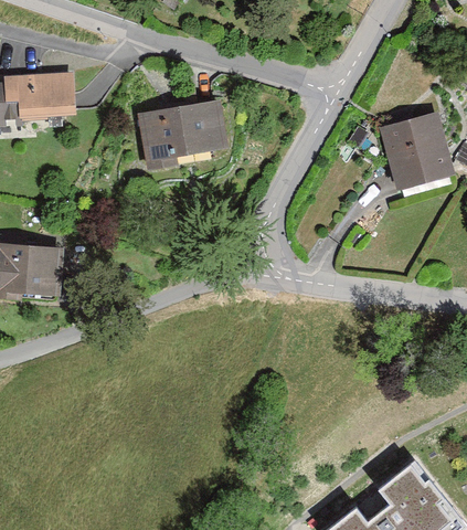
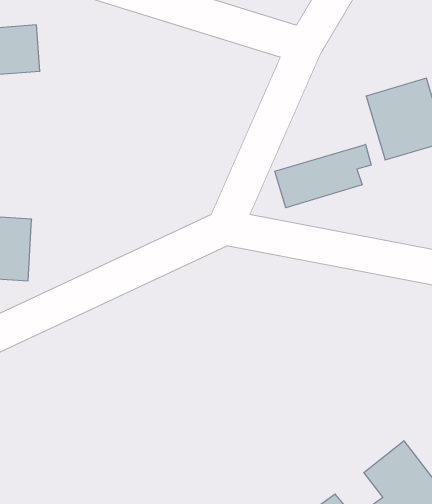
building: [140,105,230,177] -> none
building: none -> [275,144,371,208]

